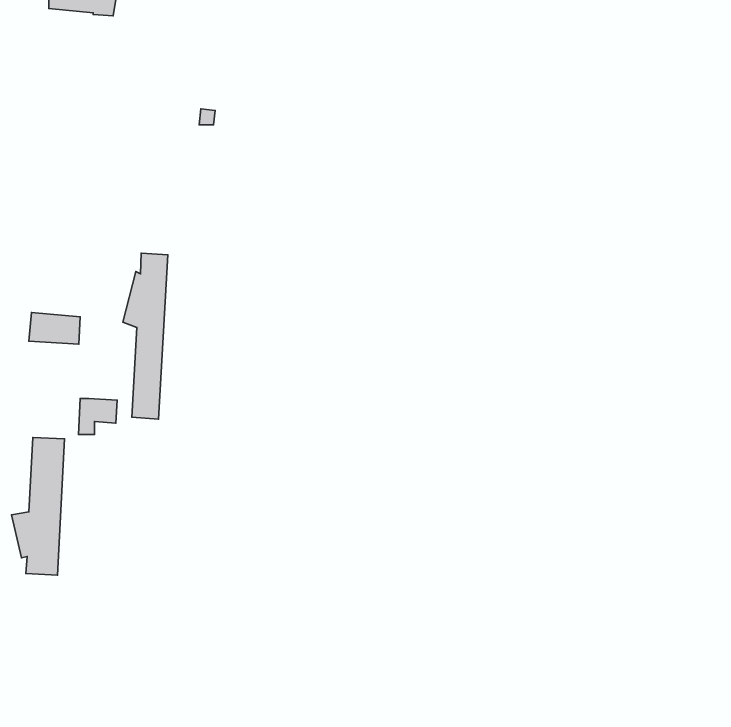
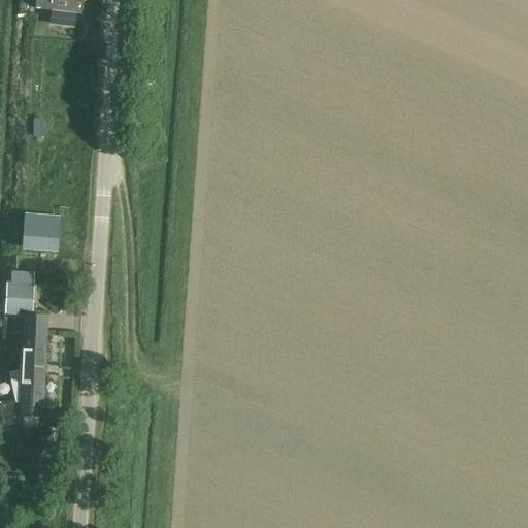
building: [123,253,168,419] -> none
building: [79,399,117,434] -> [6,284,34,309]

